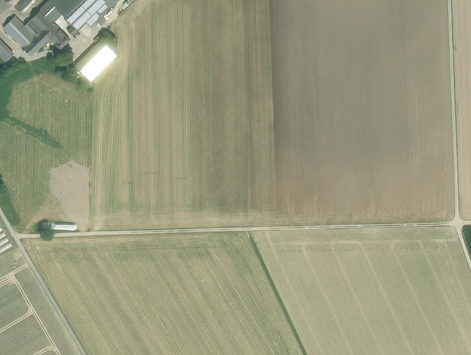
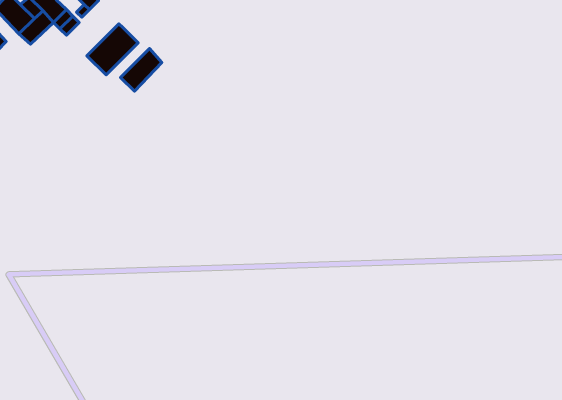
building: none -> [121,49,162,91]

